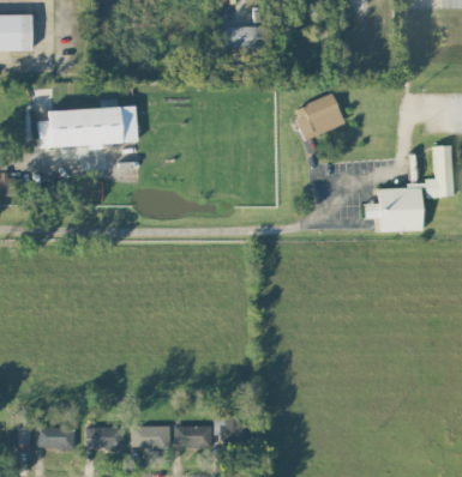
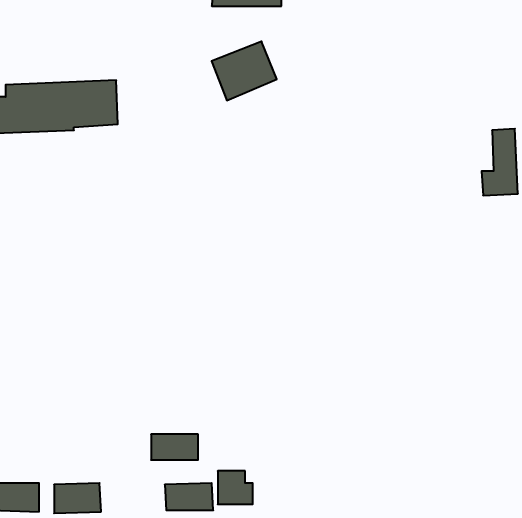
building: [293,93,344,140] -> [212,41,277,100]
building: [365,186,422,231] -> none
building: [132,427,169,447] -> [151,434,198,460]

